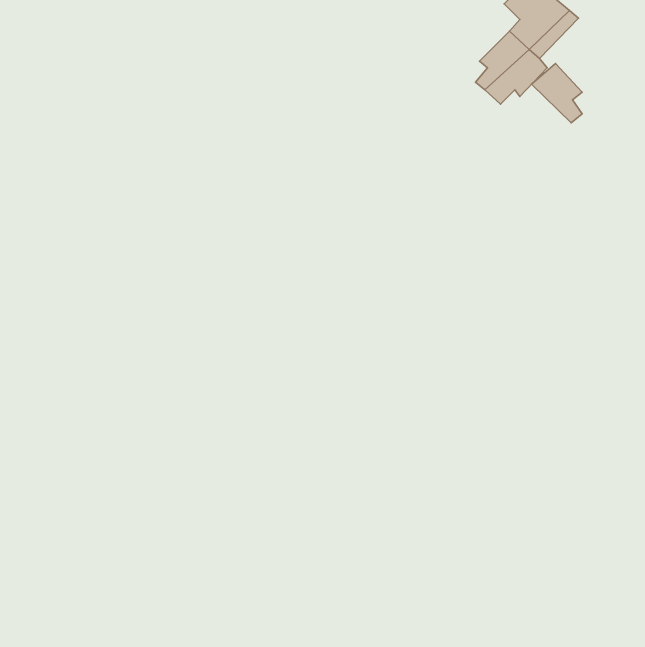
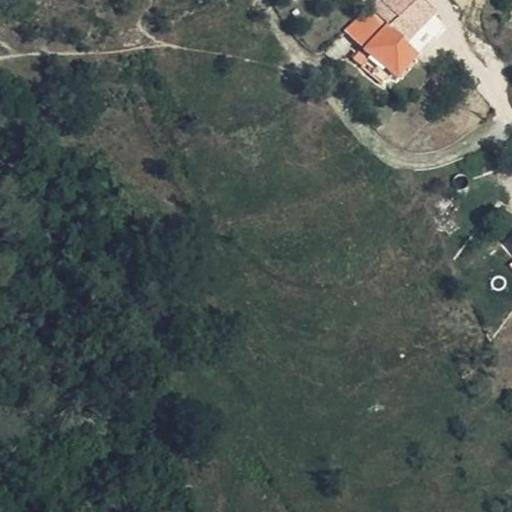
building: none -> [351,6,391,47]
building: [531,63,582,123] -> none

